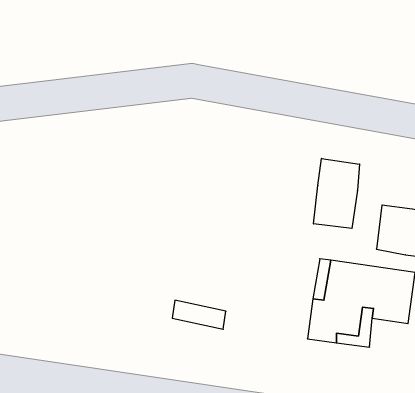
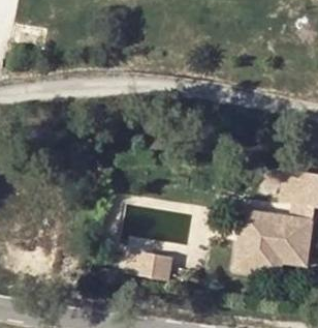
building: [314,158,360,228] -> none

